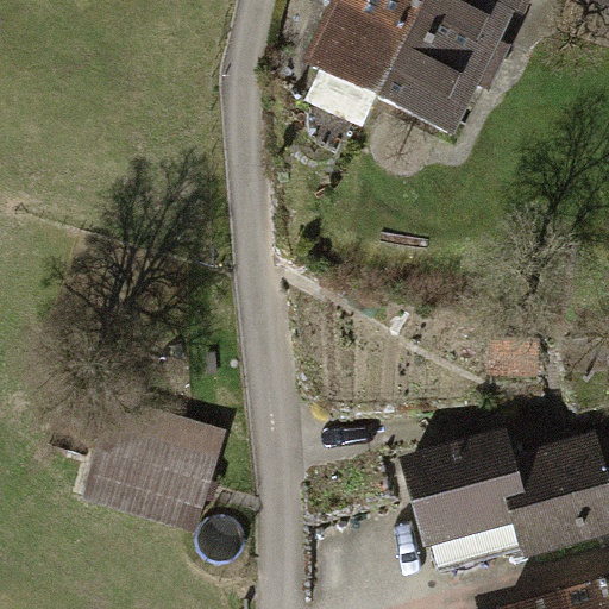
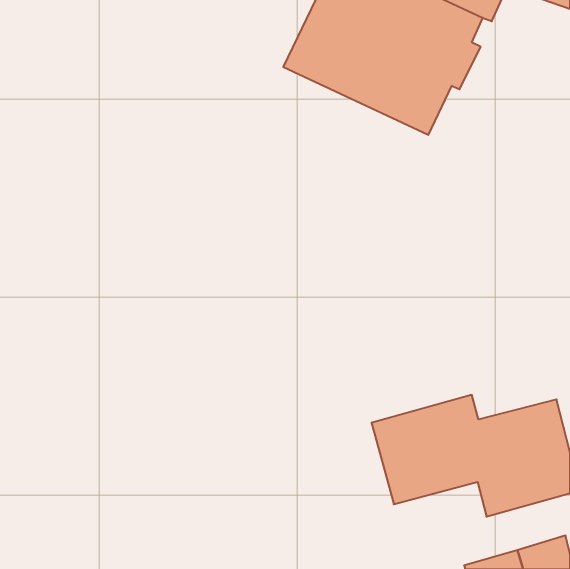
building: [81,398,227,538] -> none

